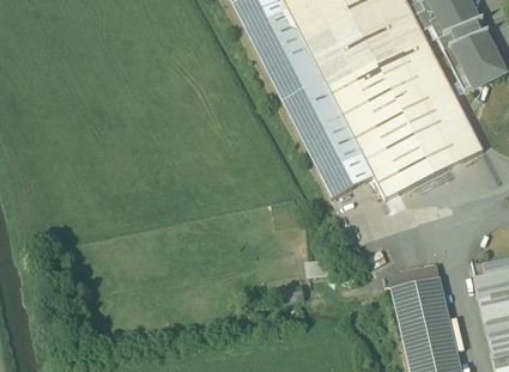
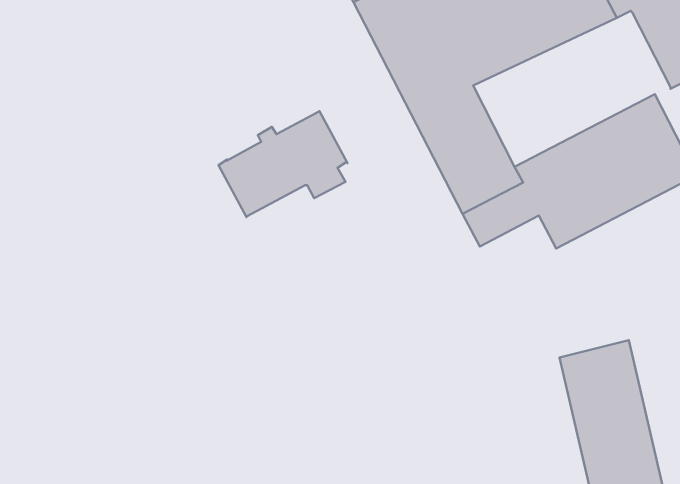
building: [328,41,454,144] -> none
building: none -> [218,111,347,217]

